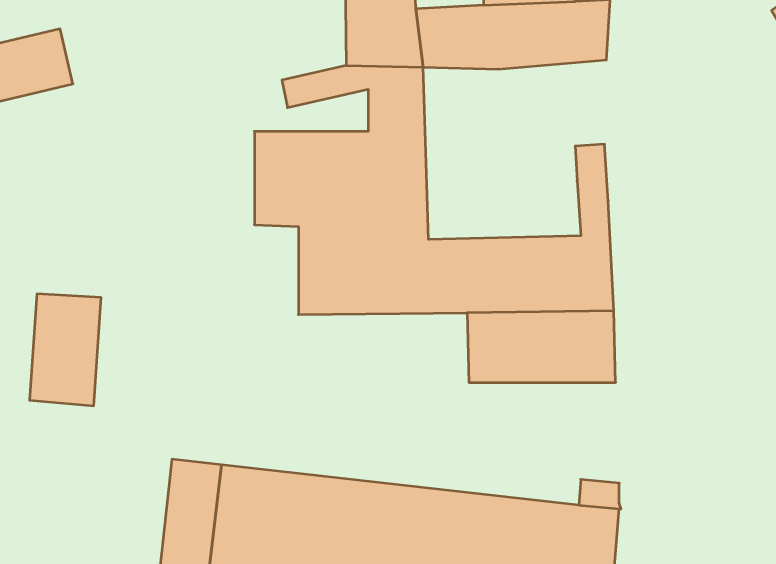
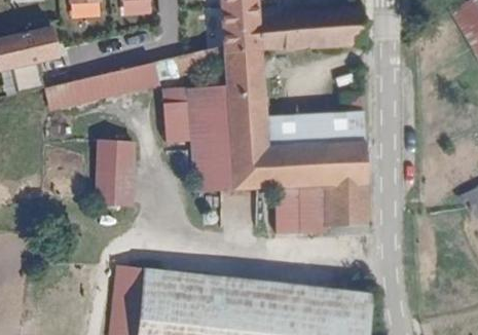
building: none -> [42,63,151,107]
building: none -> [261,112,347,145]
building: [30,294,101,406] -> [97,145,137,208]

